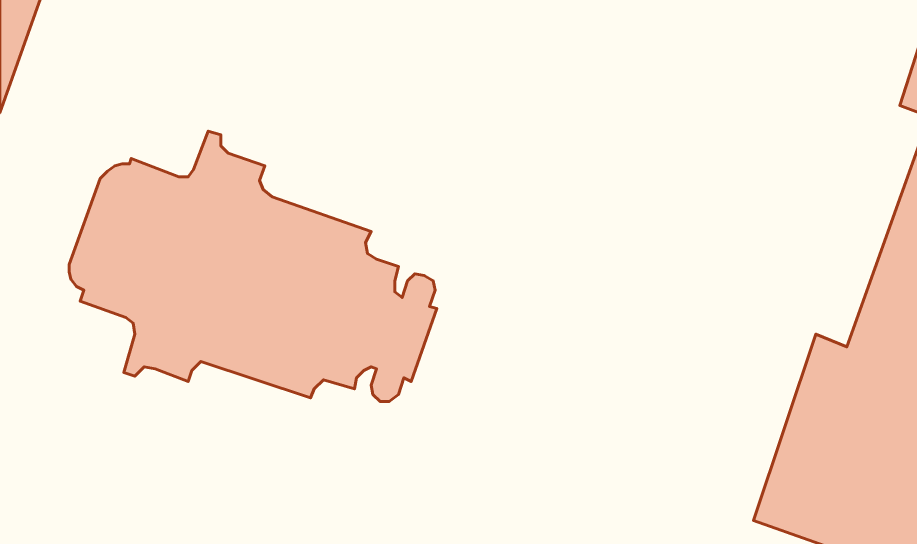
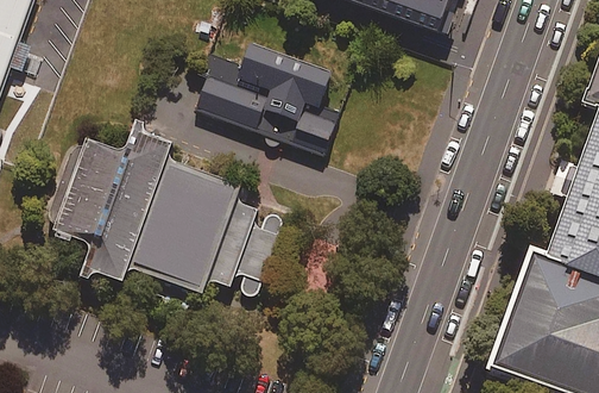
building: none -> [196,40,339,152]

